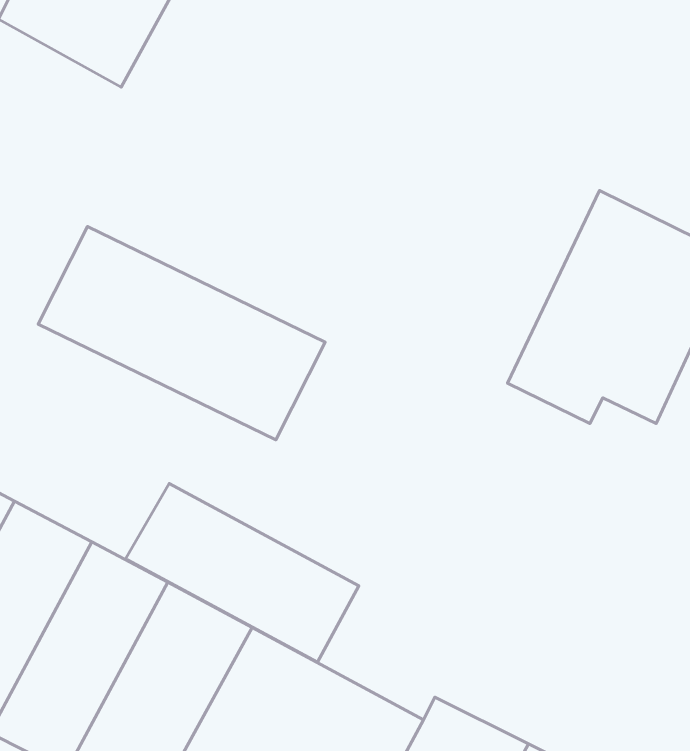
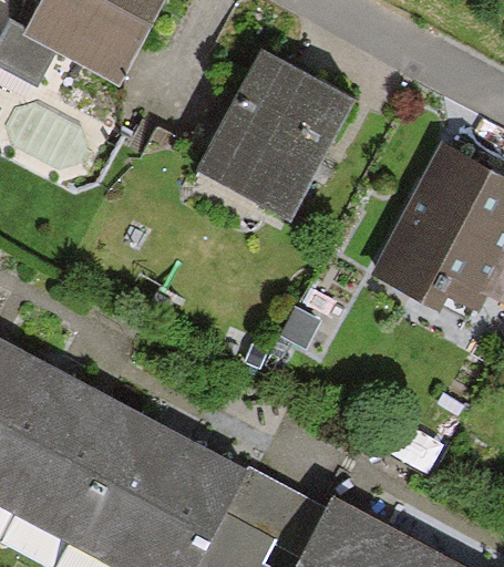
building: none -> [196,49,346,216]
building: [38,226,325,440] -> none
building: [125,483,359,662] -> none

